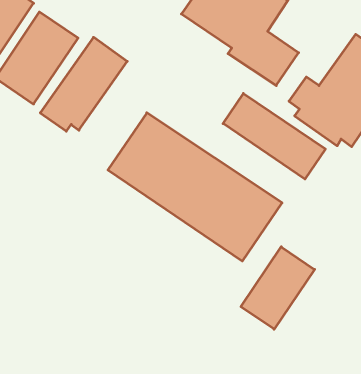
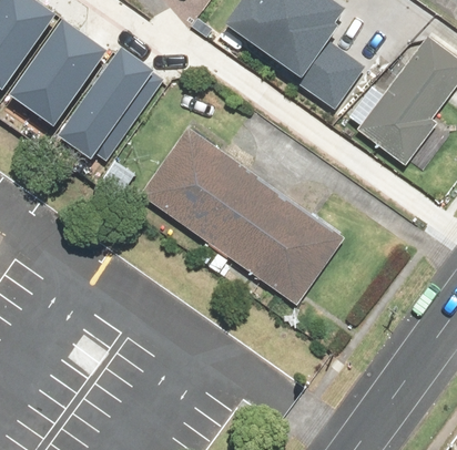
building: [223,93,325,179] -> none
building: [241,247,315,329] -> none

